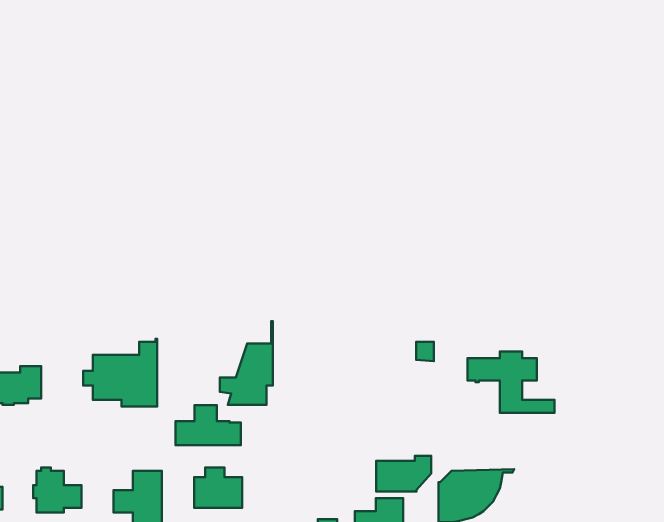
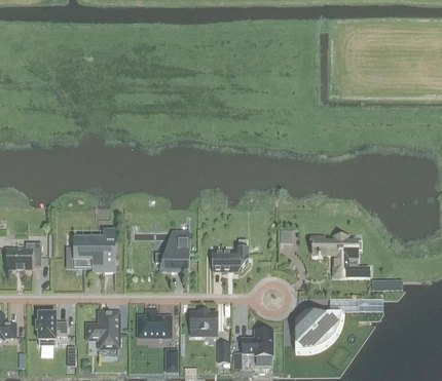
building: [175,405,241,445] -> none
building: [376,456,431,491] -> [212,247,247,270]
building: none -> [189,309,217,334]

